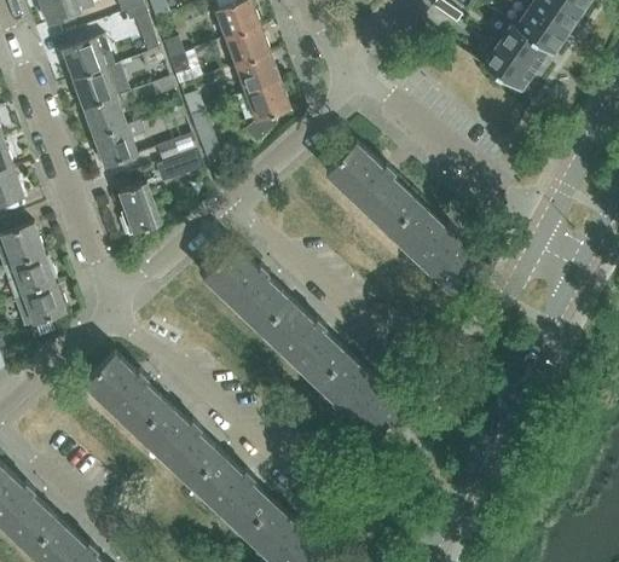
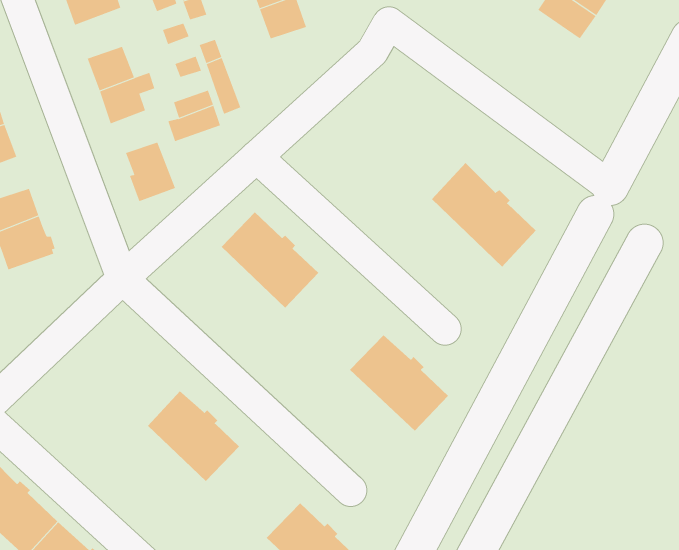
building: [73,64,128,110] -> none
building: [244,82,289,141] -> none
building: [324,143,418,234] -> none
building: [13,283,66,328] -> none
building: [259,300,346,386] -> none
building: [83,353,166,435] -> none
building: [189,453,272,534] -> none

